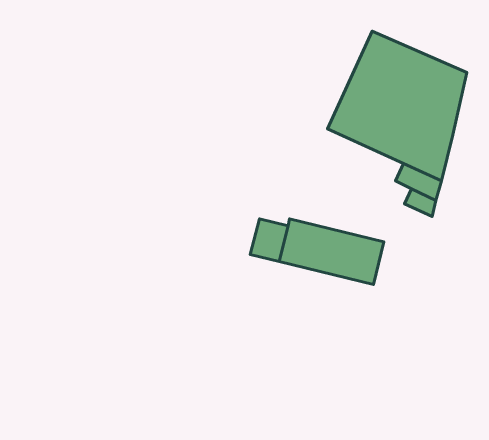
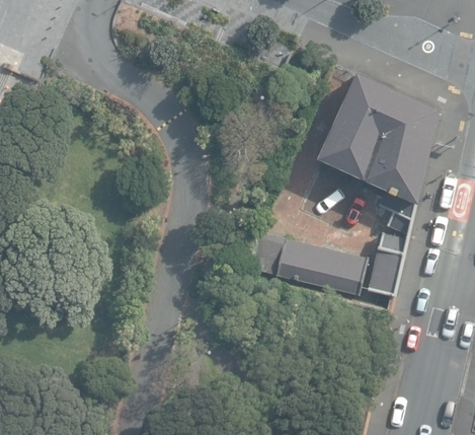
building: none -> [366,231,407,296]

